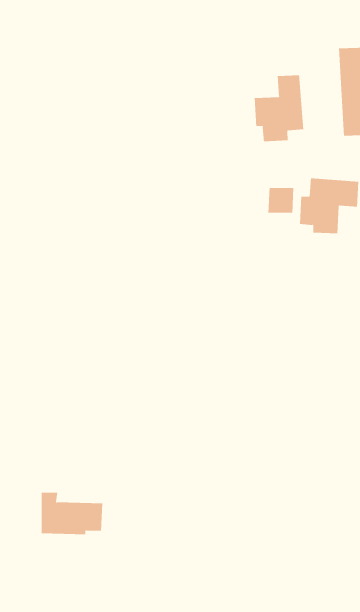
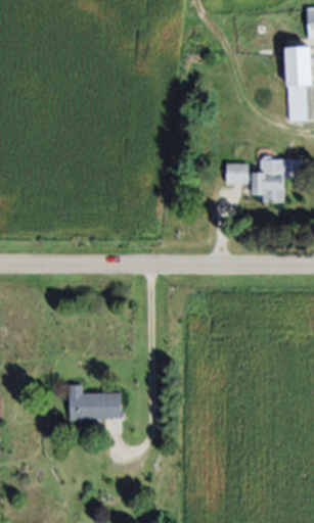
building: [254,74,304,142] -> none
building: [41,492,103,535] -> [69,384,121,420]

